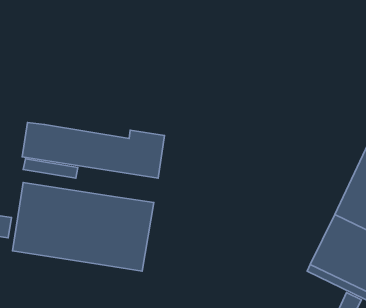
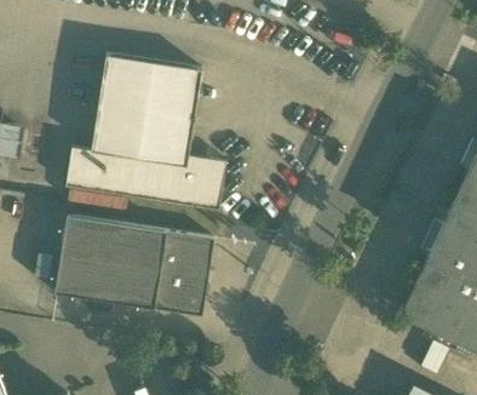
building: none -> [91,55,202,166]

